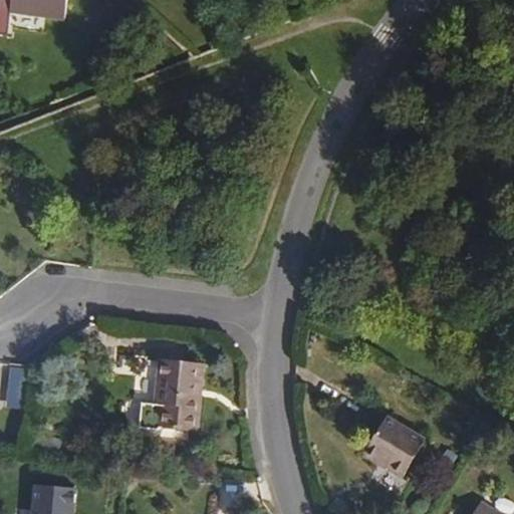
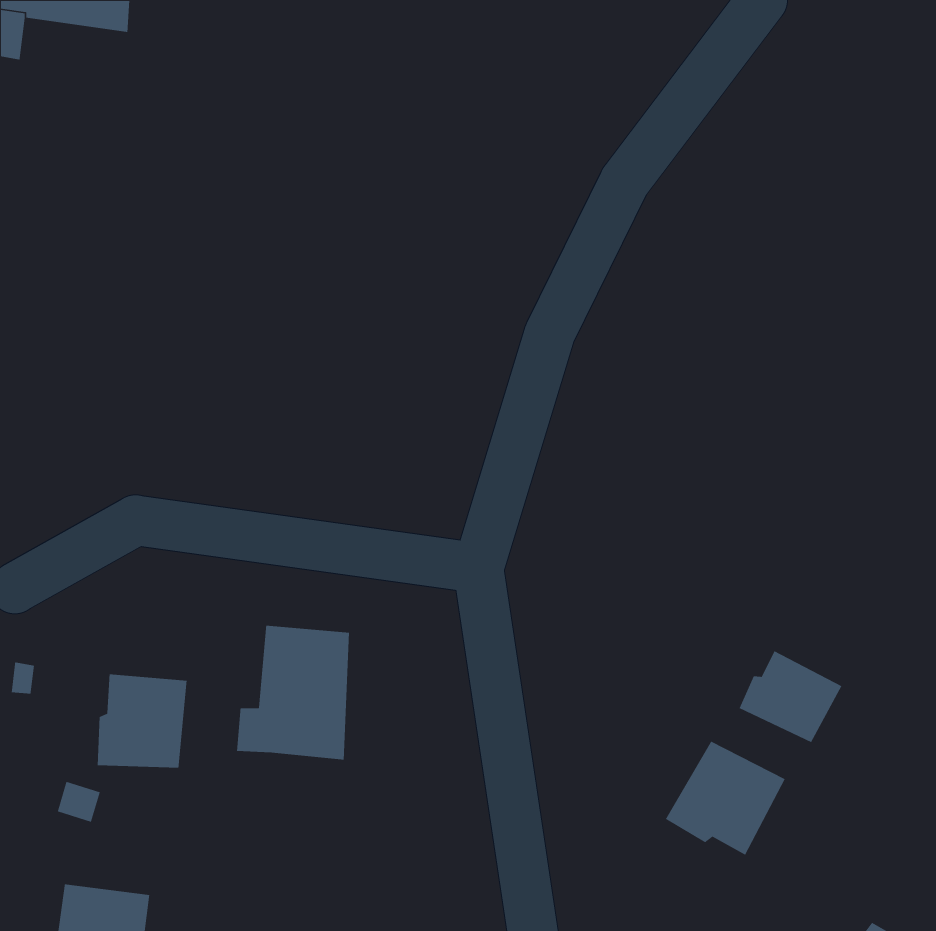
building: none -> [738,650,842,743]
building: none -> [97,673,187,768]

